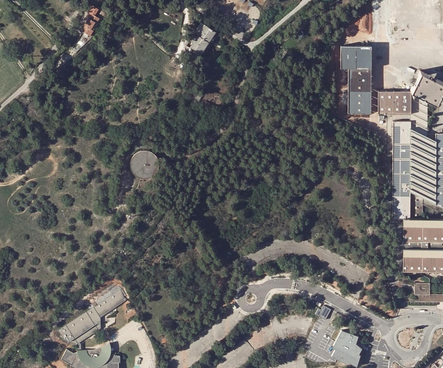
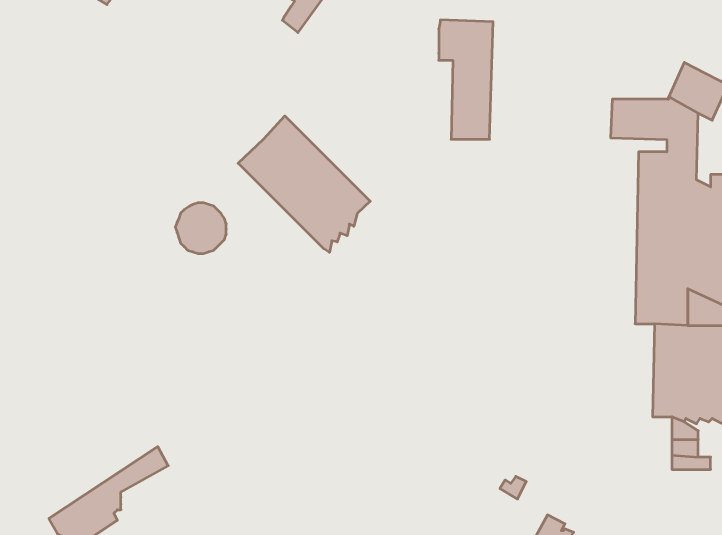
building: [341,45,372,113] -> [439,20,493,139]
building: none -> [238,116,370,252]

